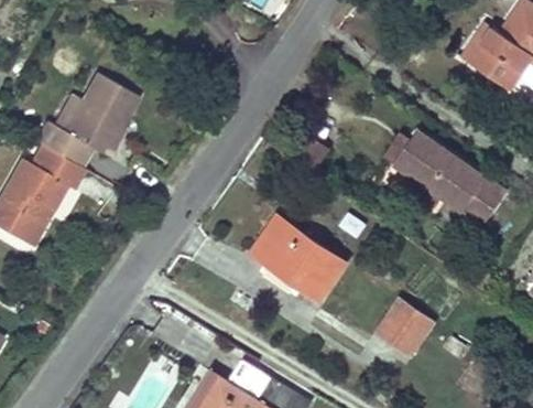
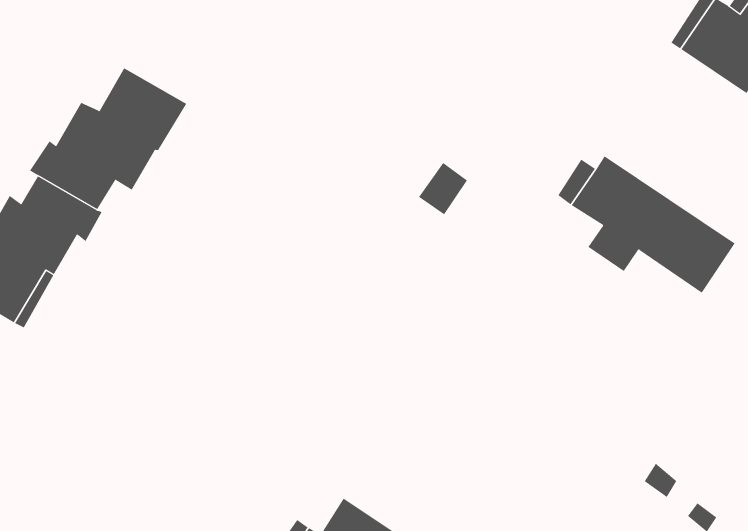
building: [251,217,346,300] -> none
building: [379,302,433,356] -> none

